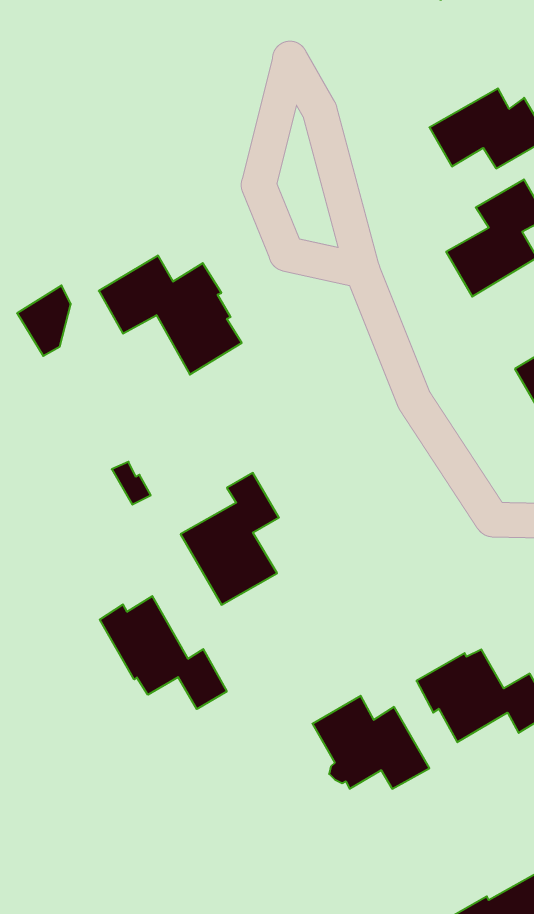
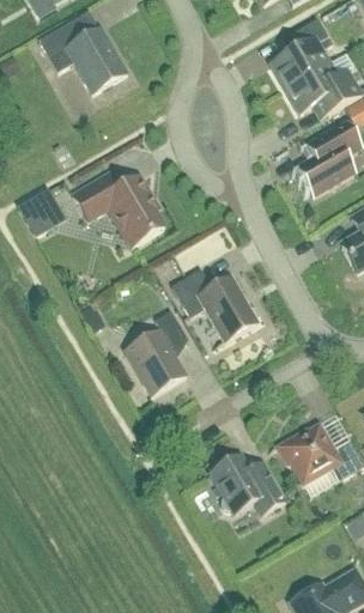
building: none -> [38,11,127,93]
building: none -> [271,18,332,87]
building: none -> [171,268,259,341]
building: [100,596,227,709] -> none

